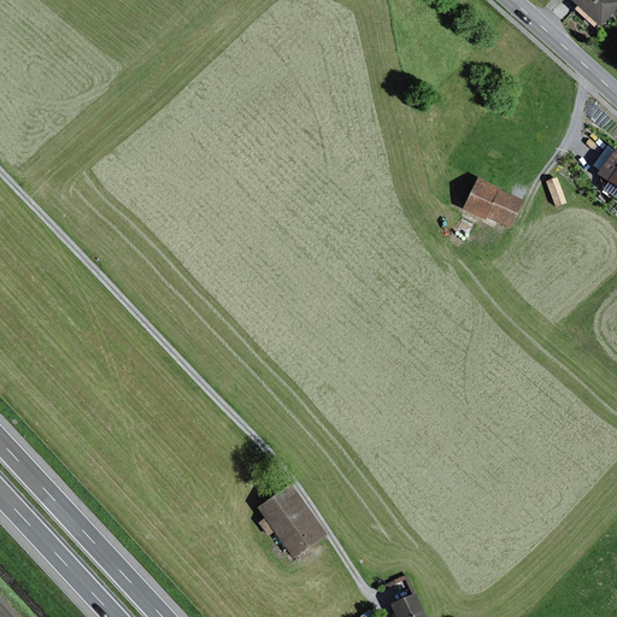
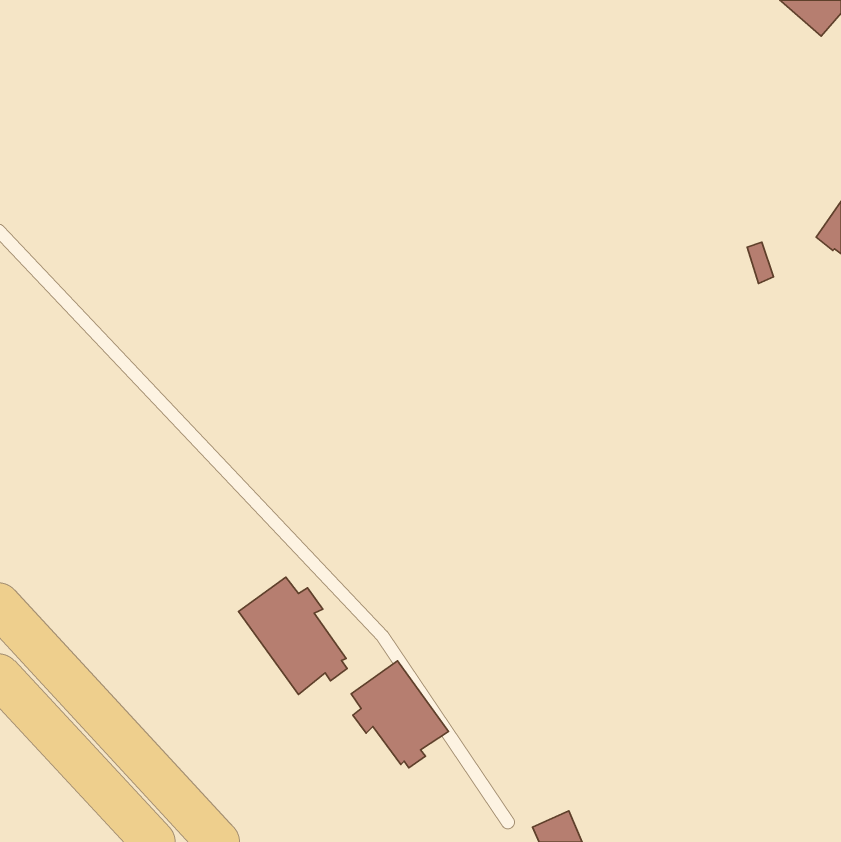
building: [462,177,523,228] -> none
building: none -> [239,577,347,694]

